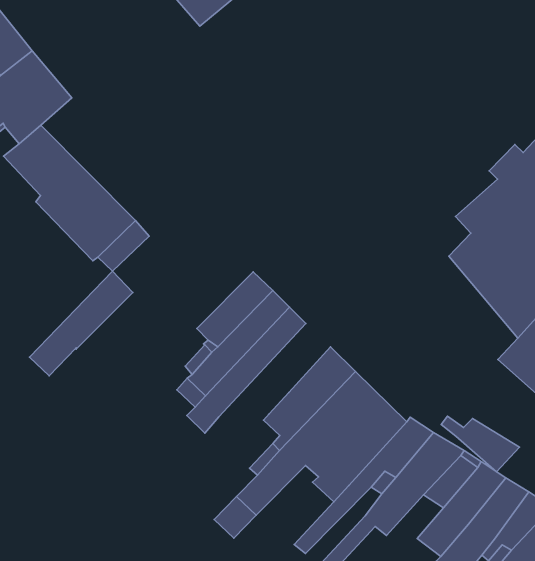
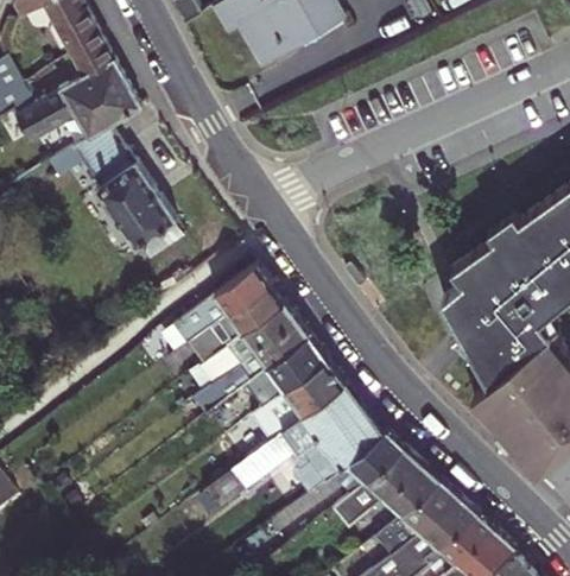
building: [29,271,133,376] -> [172,262,271,343]
building: none -> [205,336,327,424]
building: [441,416,520,472] -> none

